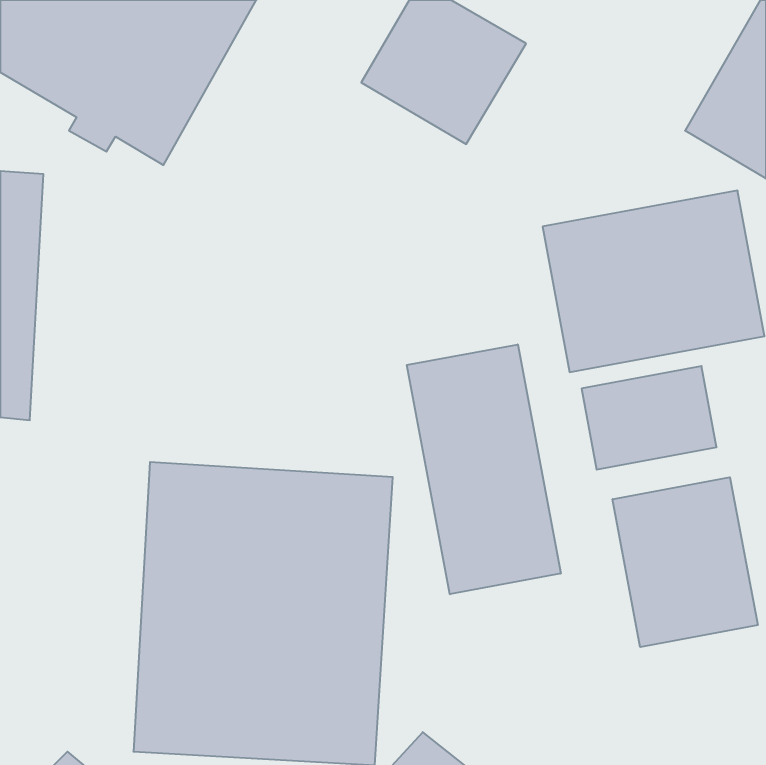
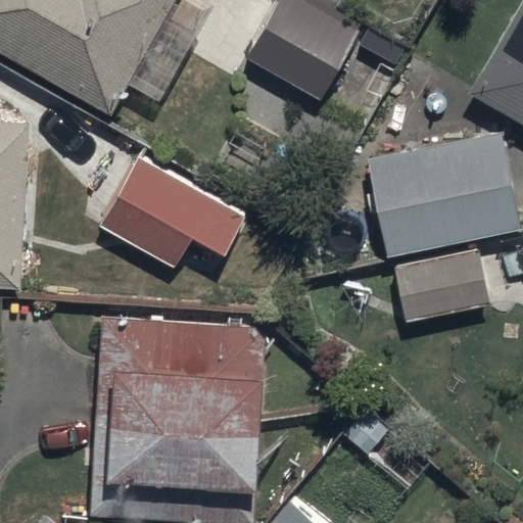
building: none -> [100,157,246,267]
building: [407,344,561,594] -> none
building: [613,477,758,647] -> none

